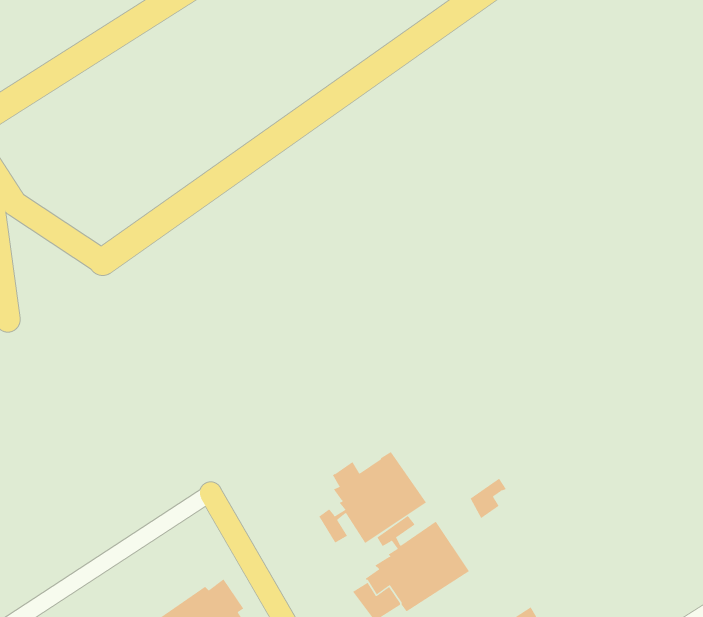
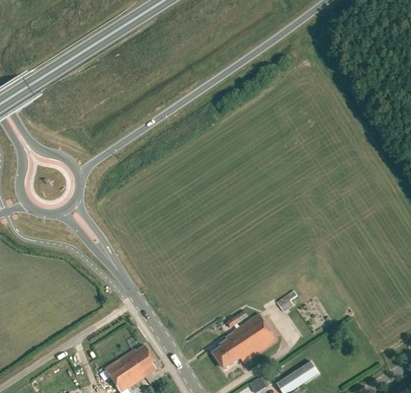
building: [318,451,427,544] -> none

